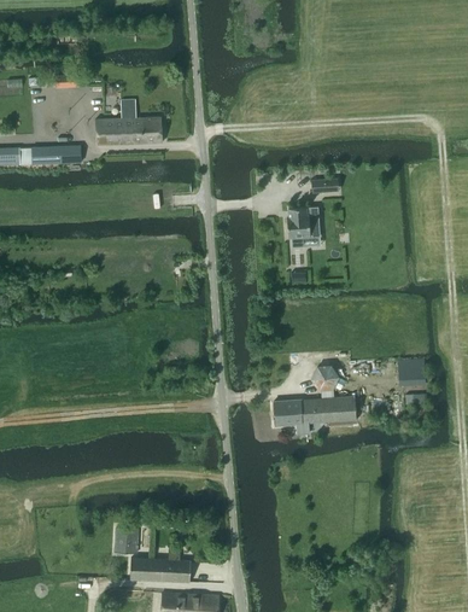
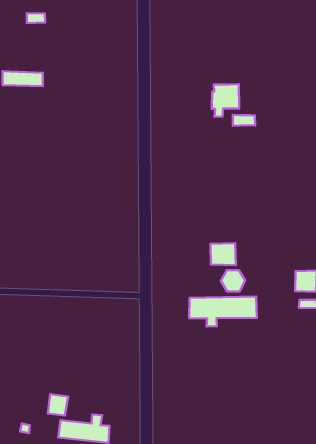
building: [95,100,162,145] -> none
building: [286,206,320,247] -> [212,84,239,117]
building: none -> [210,243,236,265]

